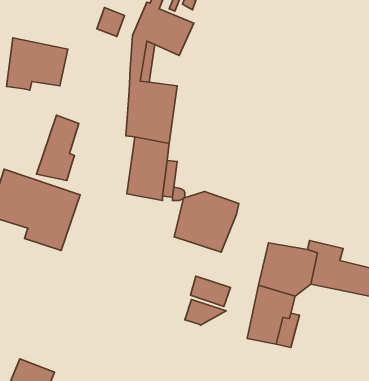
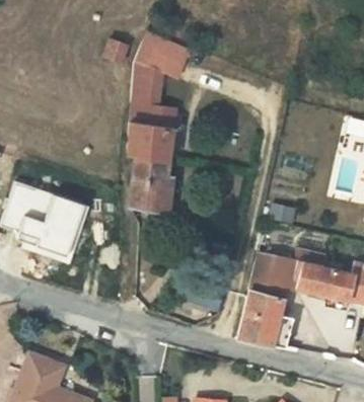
building: [6,38,68,90] -> none
building: [36,115,79,180] -> none
building: [174,192,239,252] -> none

